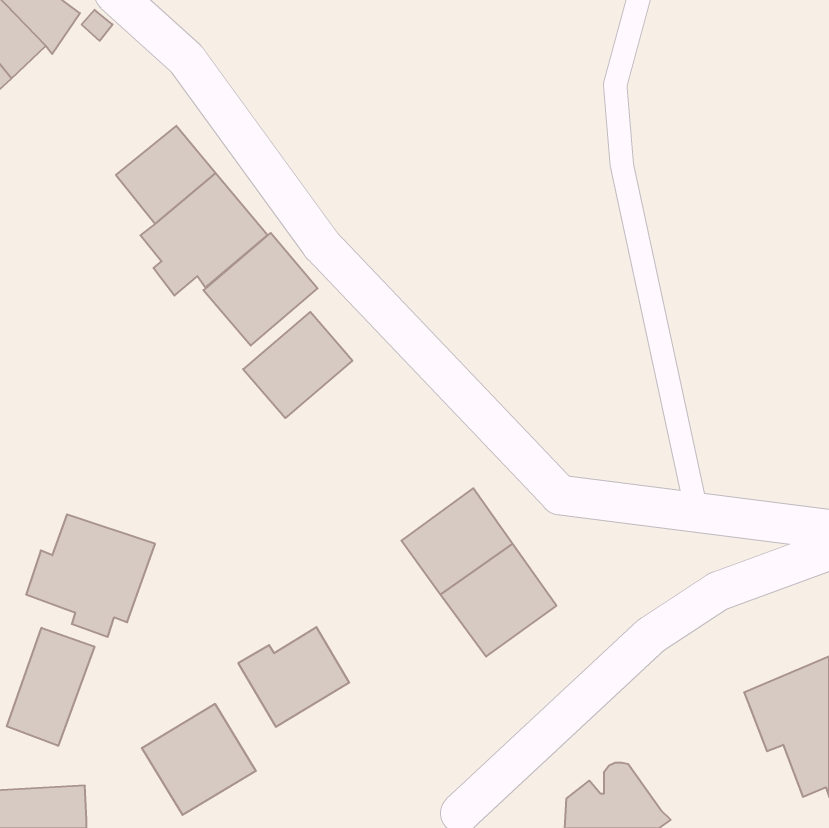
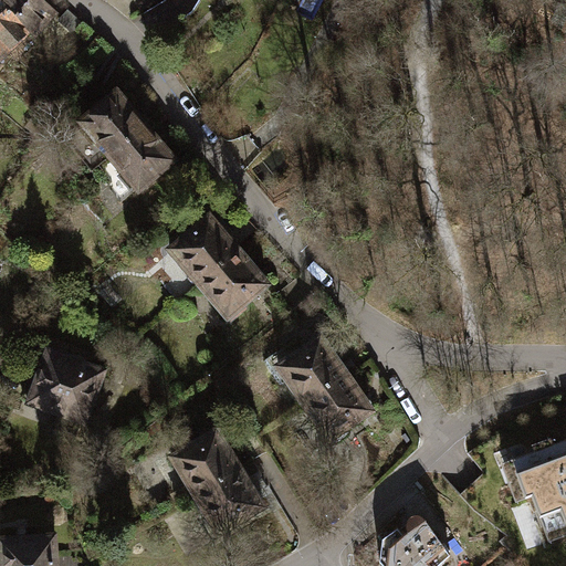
building: [203,233,318,346] -> [193,244,271,321]
building: [7,628,94,746] -> none
building: [142,704,256,815] -> [187,462,264,537]

